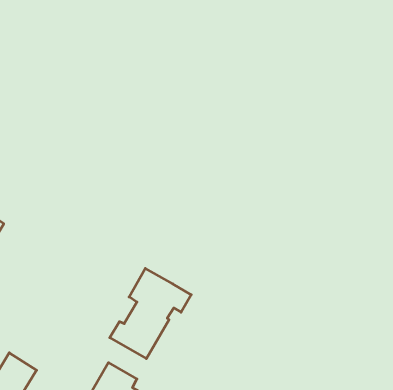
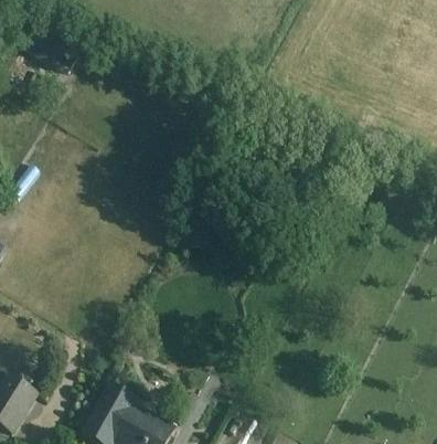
building: [110,268,191,359] -> none

